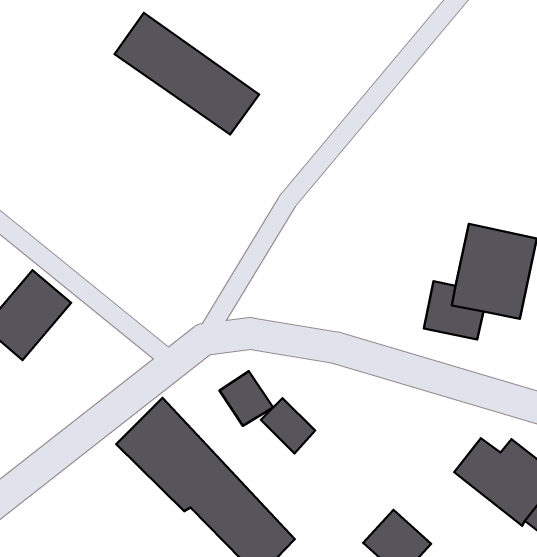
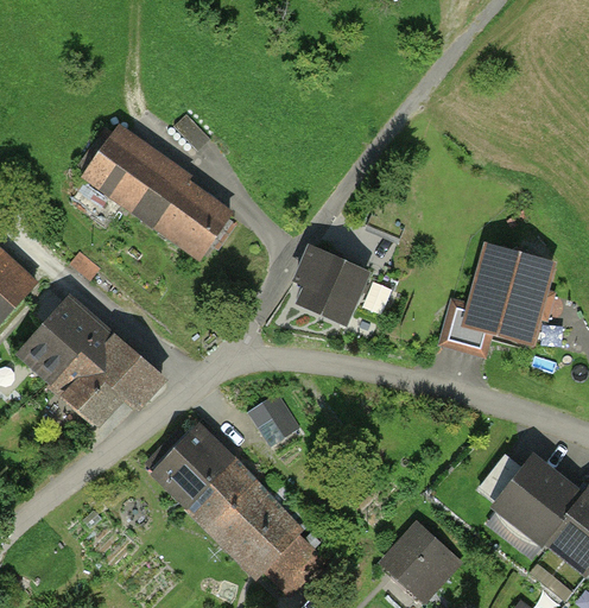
building: [115,13,259,135] -> [88,132,229,251]
building: none -> [300,253,388,329]
building: none -> [56,327,162,419]
building: [261,398,315,454] -> none

